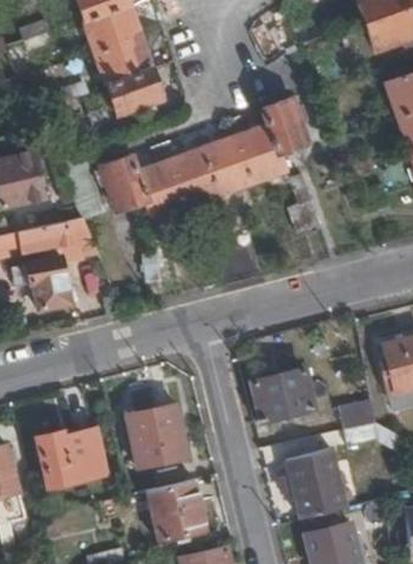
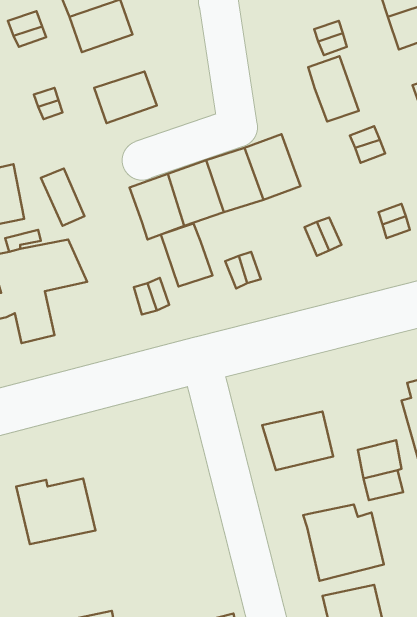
building: [95,36,151,83] -> none
building: [265,95,309,153] -> [308,56,359,122]
building: [102,155,148,211] -> [161,224,213,286]
building: [128,403,190,468] -> none
building: [149,477,206,539] -> none

